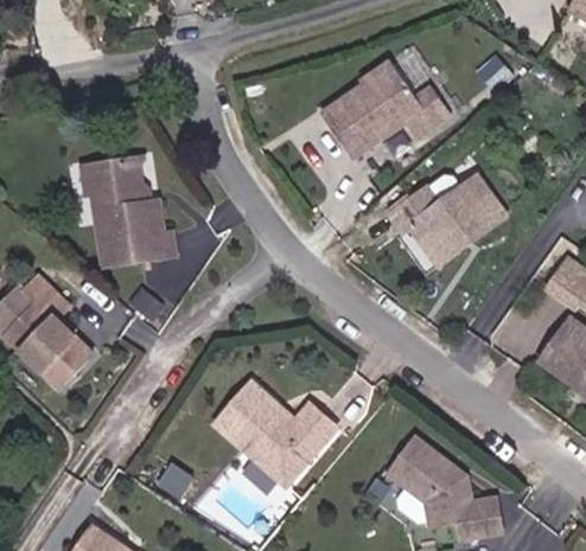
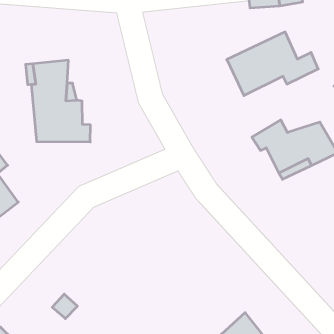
building: [216,379,339,483] -> none

